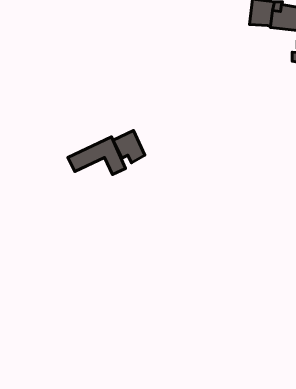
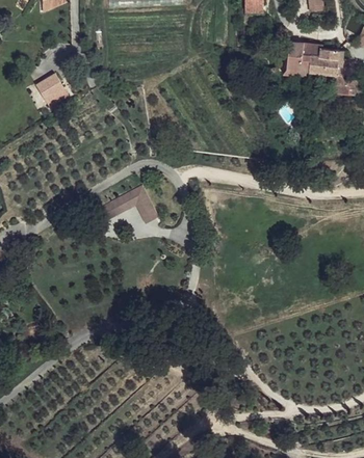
building: none -> [33,74,68,109]
building: [113,130,145,163] -> none

